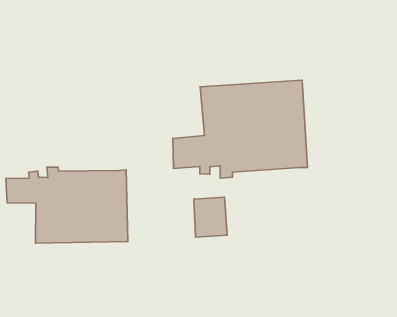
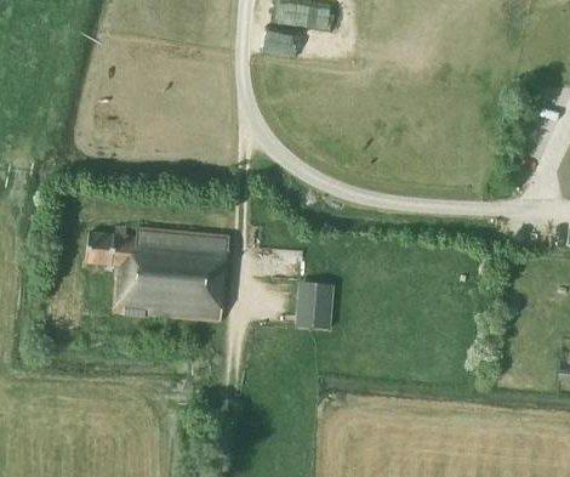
building: [173,80,307,178] -> none

